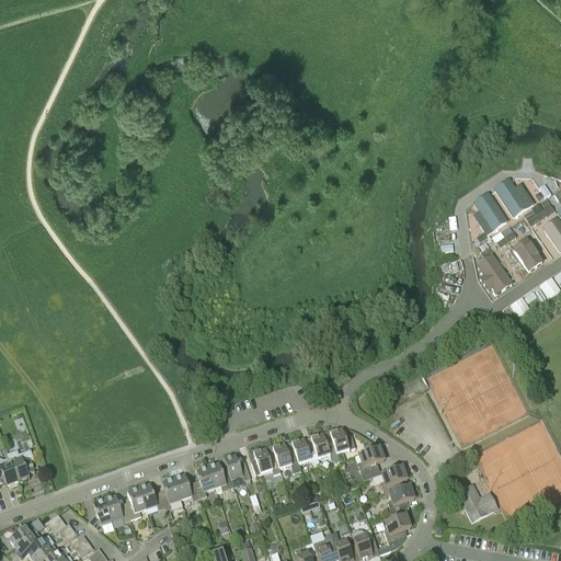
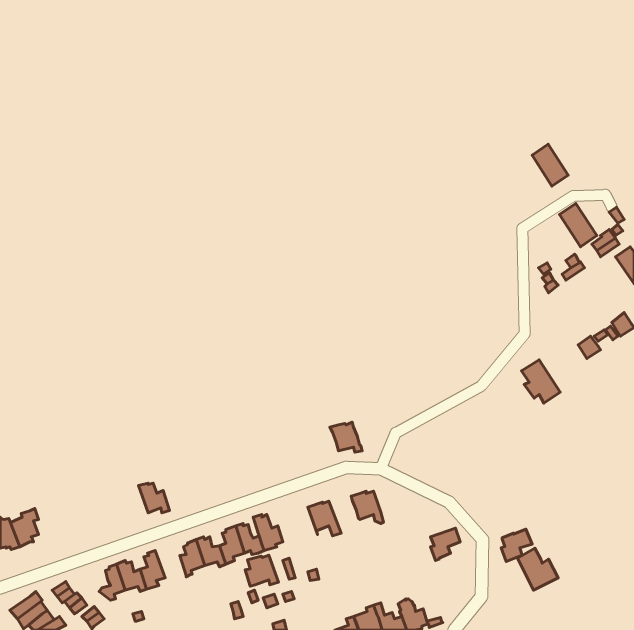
building: [474,193,506,230] -> [532,144,568,186]
building: [513,240,542,272] -> none
building: [478,255,512,294] -> [522,360,560,403]
building: [330,428,355,461] -> none
building: [290,438,319,465] -> [330,422,362,452]
building: [357,447,383,480] -> none
building: [251,448,280,476] -> [245,555,279,586]
building: [137,484,164,511] -> [138,483,169,513]
building: [387,485,414,514] -> [501,529,532,562]
building: [383,515,410,542] -> none

